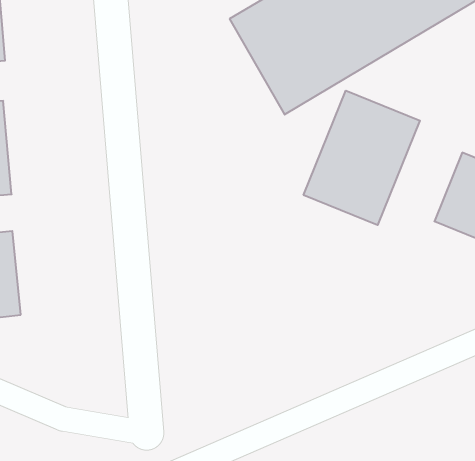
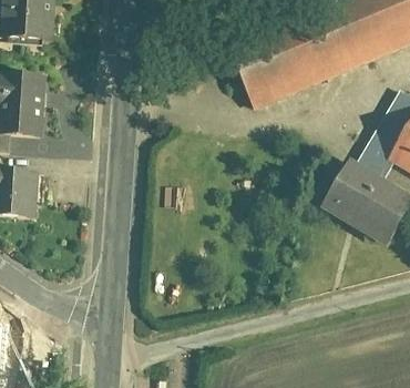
building: [304,91,420,225] -> none

